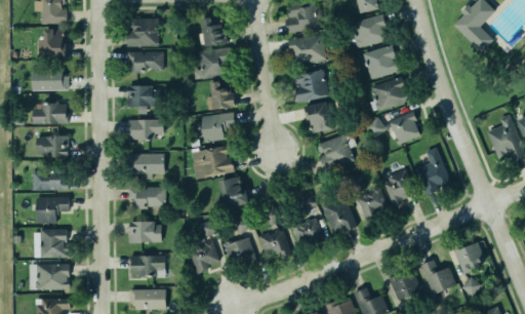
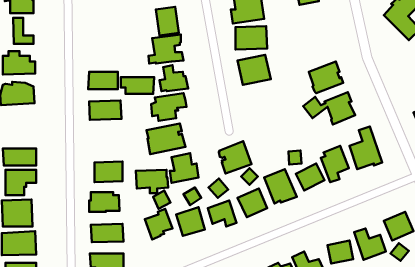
building: [353,15,388,47] -> none
building: [127,18,159,47] -> none
building: [363,45,400,80] -> none
building: [127,52,164,71] -> [121,77,154,94]
building: [304,102,333,133] -> none
building: [318,133,354,169] -> [219,141,251,174]
building: [37,135,69,157] -> none
building: [129,153,165,179] -> [136,170,168,193]

